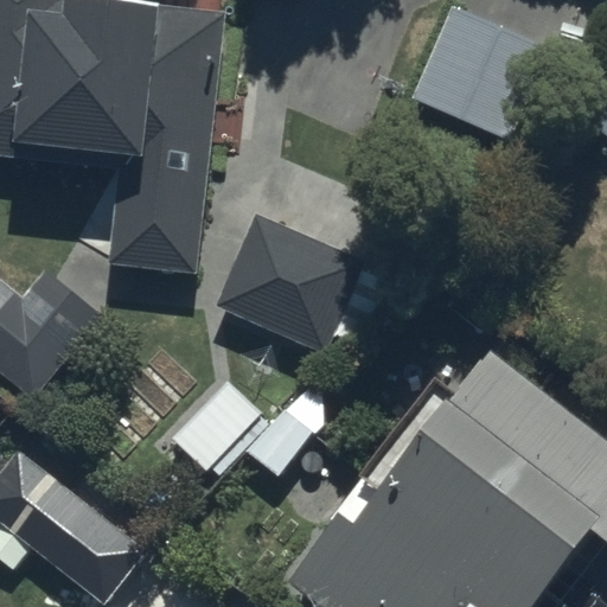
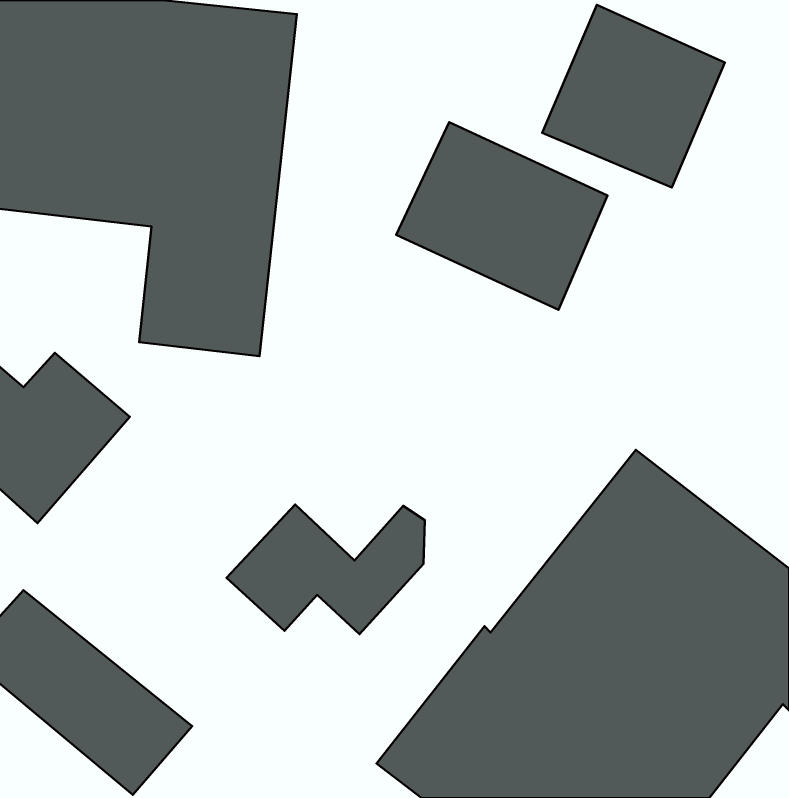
building: none -> [396,122,607,310]
building: [211,216,394,360] -> none

